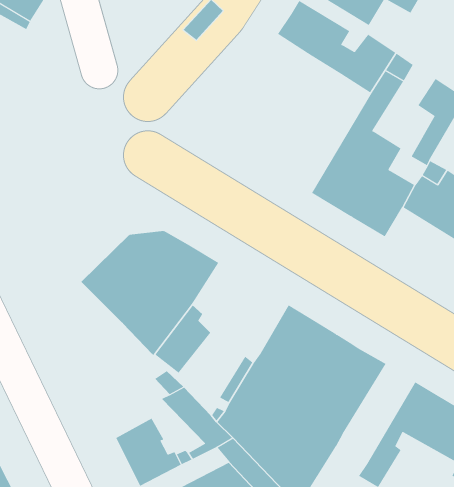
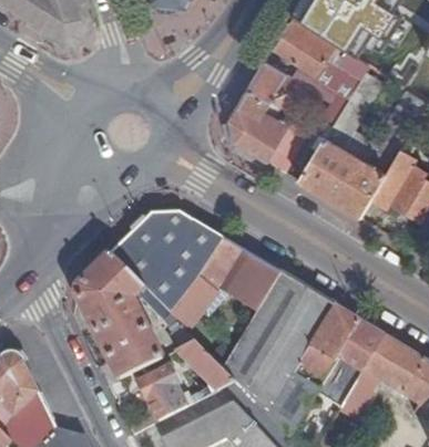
building: none -> [228,62,323,170]
building: none -> [203,238,279,312]
building: none -> [73,253,162,385]
building: none -> [319,321,384,403]

